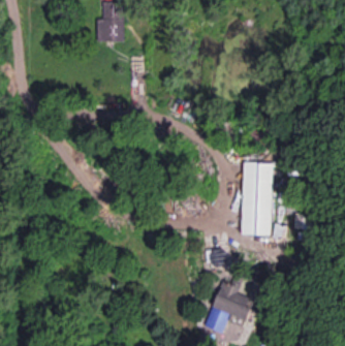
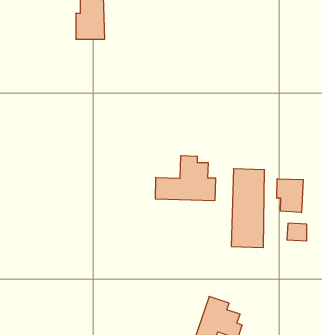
building: none -> [155,156,216,201]
building: none -> [277,179,303,213]

